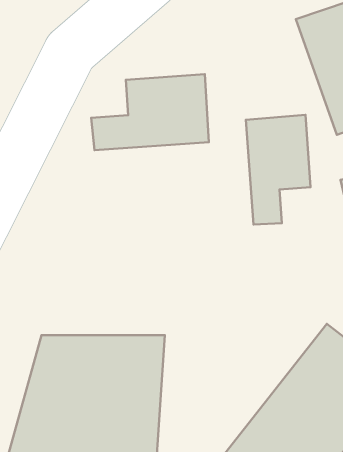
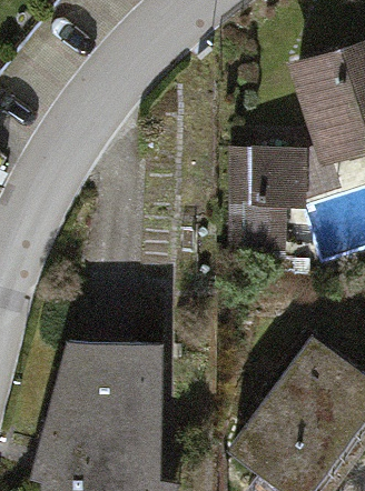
building: [91,74,209,150] -> none

